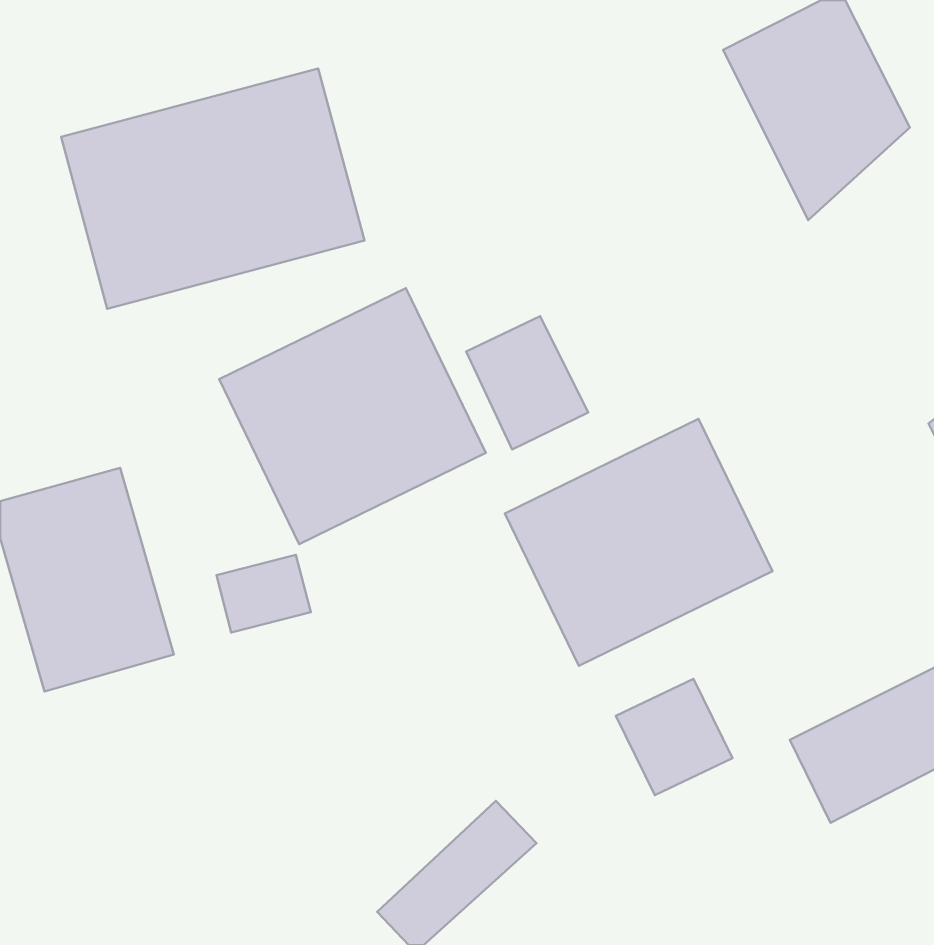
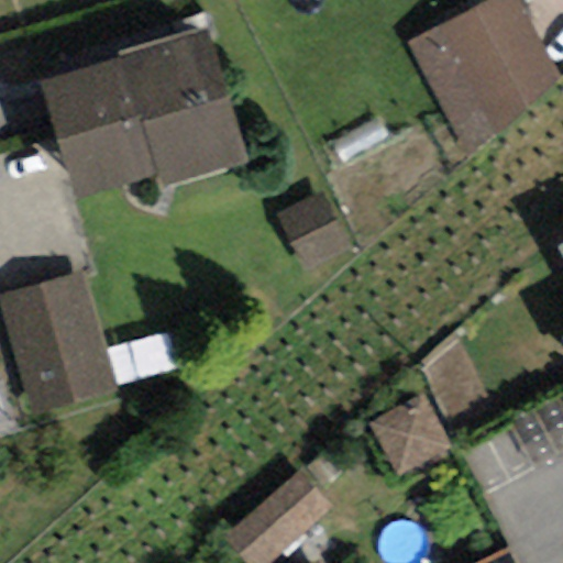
building: [219,288,486,544] -> none
building: [505,419,773,666] -> none

